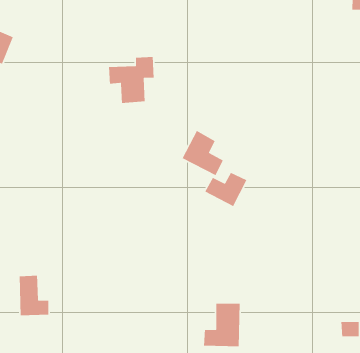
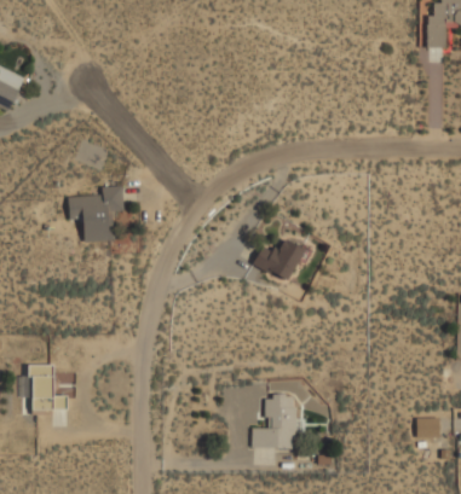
building: [108,56,154,104] -> [69,184,125,240]
building: [182,130,224,176] -> none

